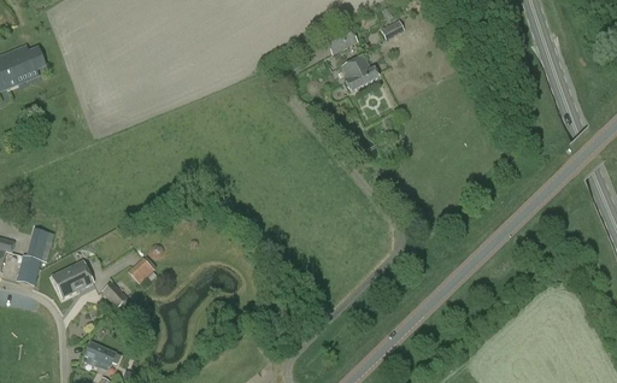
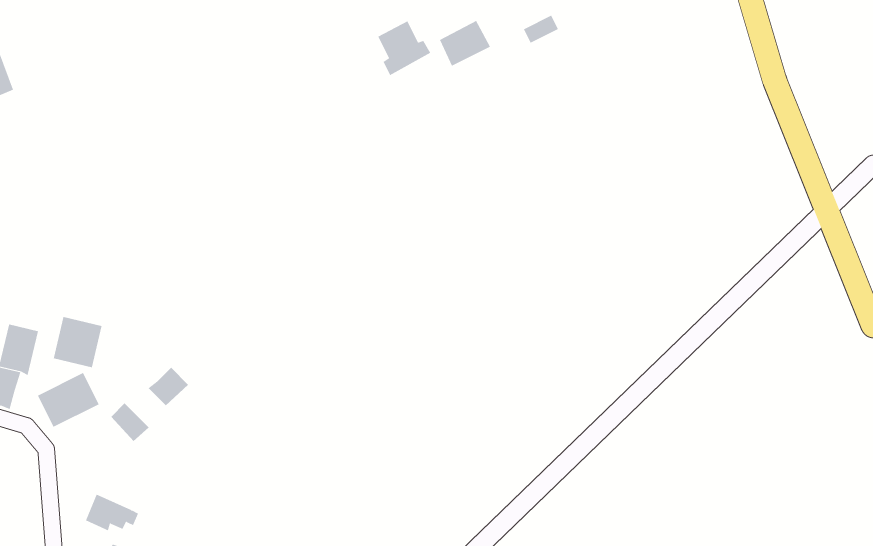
building: [342,54,378,92] -> [377,21,431,76]
building: none -> [53,316,102,368]

